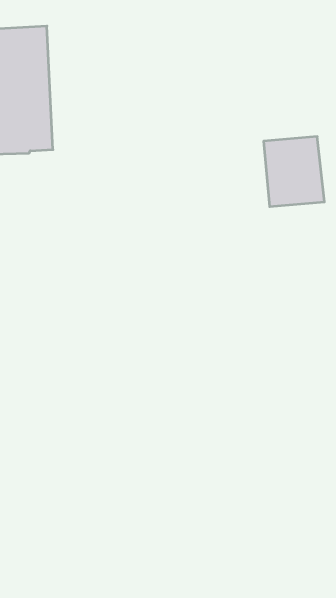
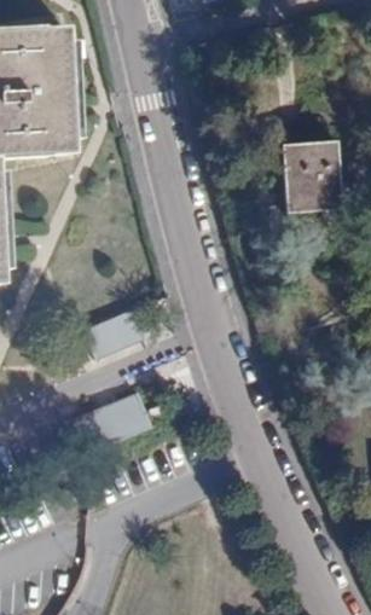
building: none -> [86,306,145,356]
building: none -> [82,390,151,446]

